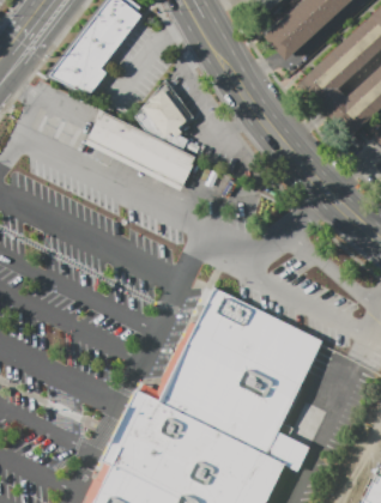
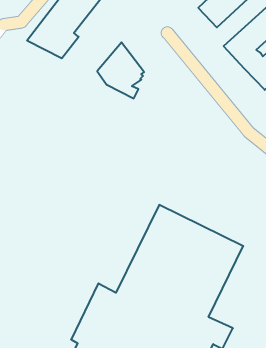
building: [87,111,196,187] -> none

